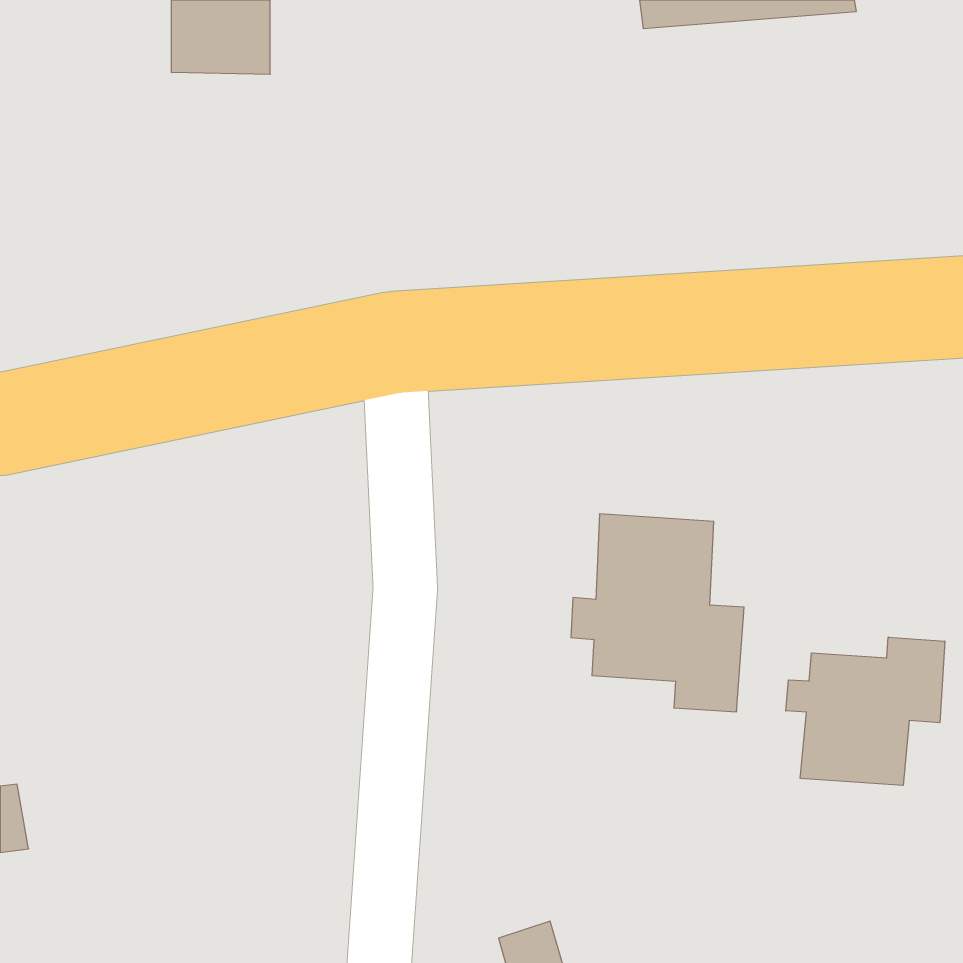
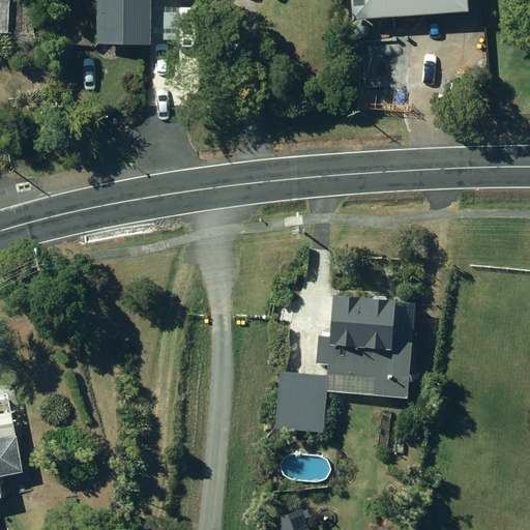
building: [786,637,945,785] -> none
building: none -> [276,370,326,429]

